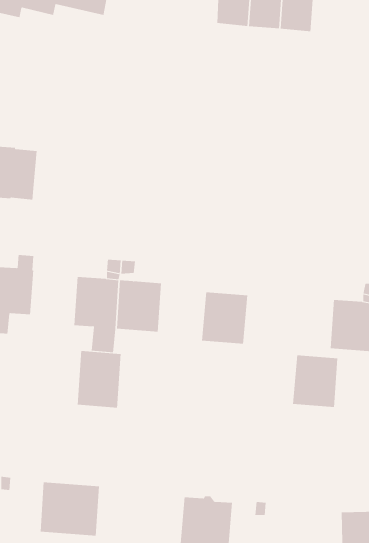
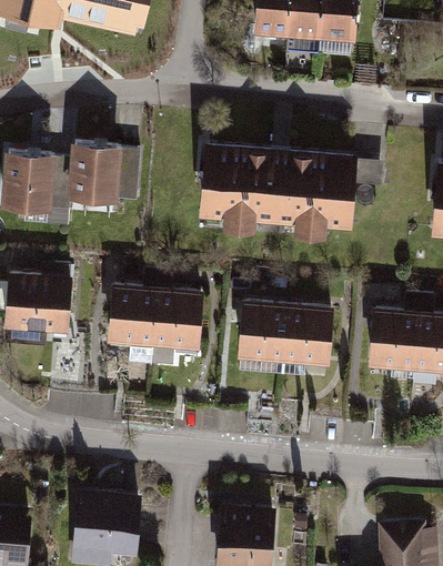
building: none -> [70,148,140,204]
building: none -> [203,152,373,228]
building: [77,350,121,408] -> none
building: [292,355,338,407] -> [283,310,330,363]

